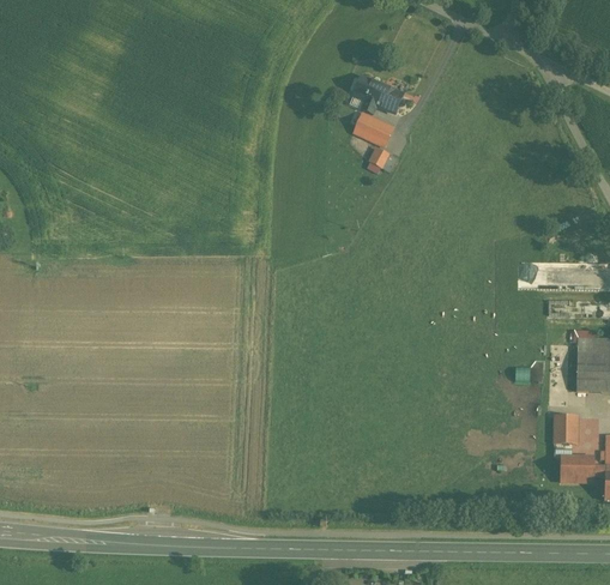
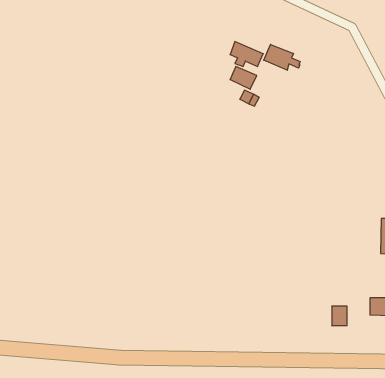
building: none -> [264,44,300,70]
building: [555,416,578,445] -> [332,306,347,326]

